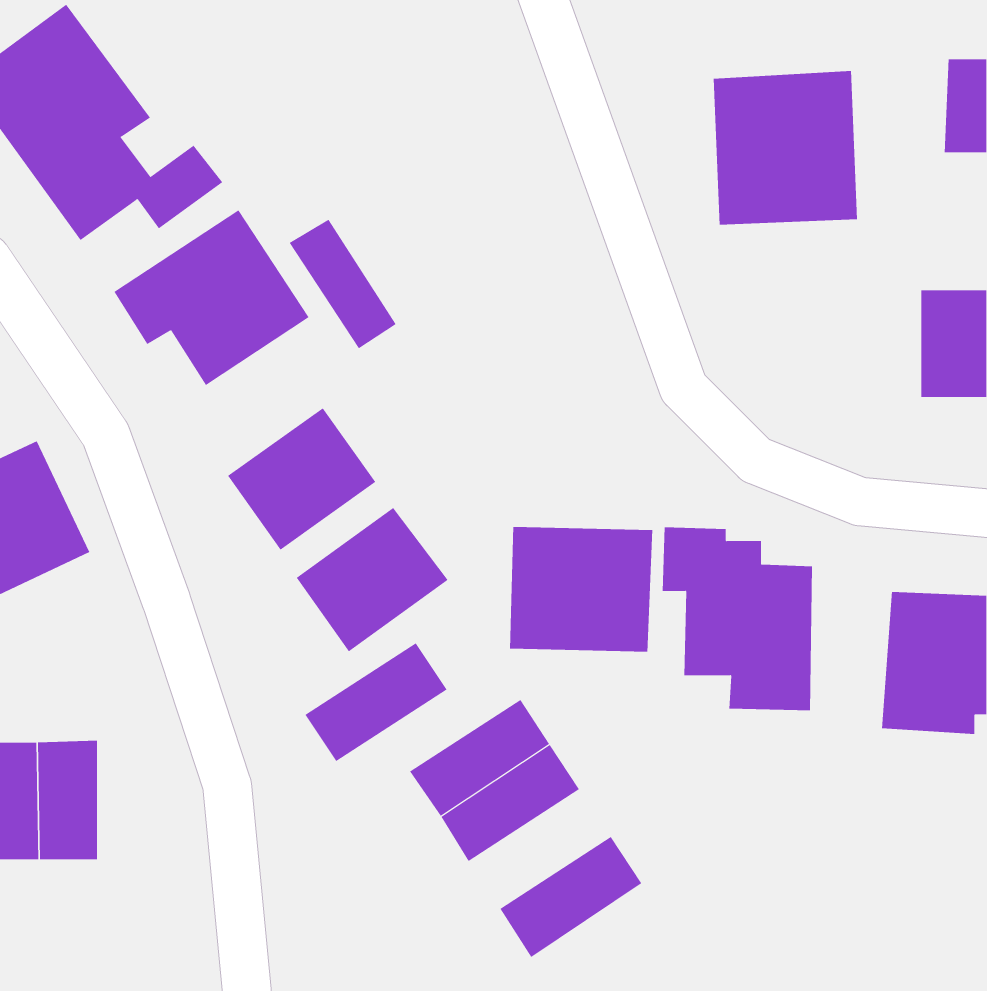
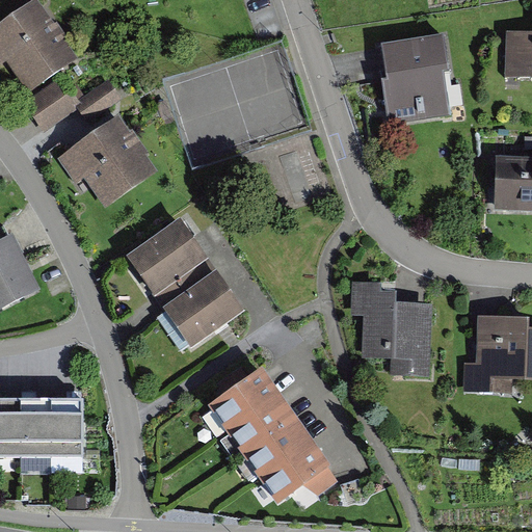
building: [289,219,396,349] -> none
building: [510,526,653,652] -> none
building: [304,642,447,762] -> [248,419,324,482]
building: none -> [52,393,87,456]

